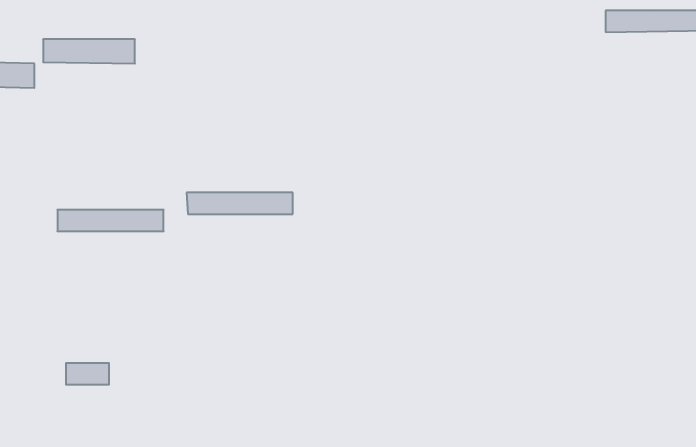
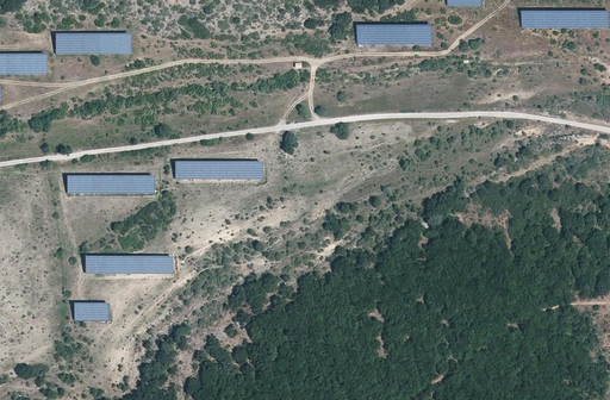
building: none -> [356,24,431,44]
building: none -> [83,256,172,274]

